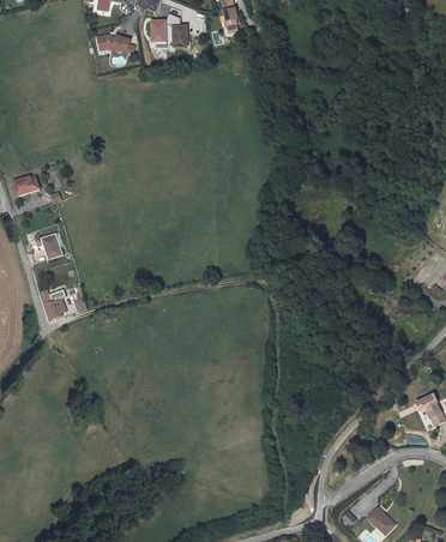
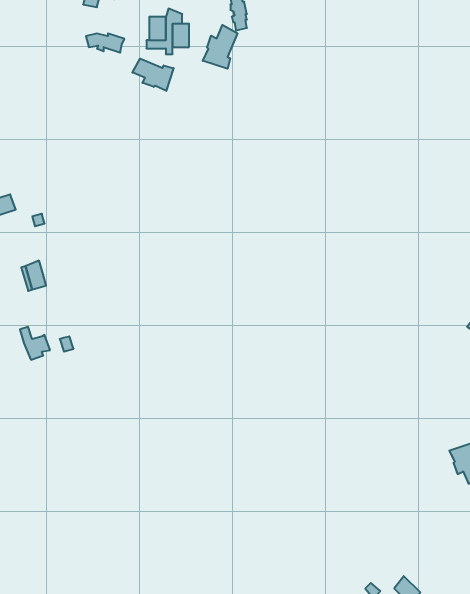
building: none -> [203,25,237,69]
building: none -> [132,59,174,91]

